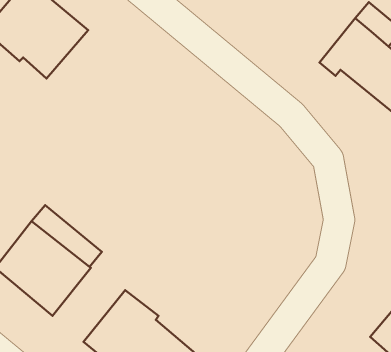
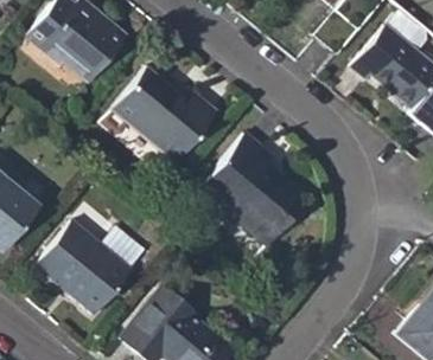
building: none -> [115,66,219,162]
building: none -> [200,134,301,242]

